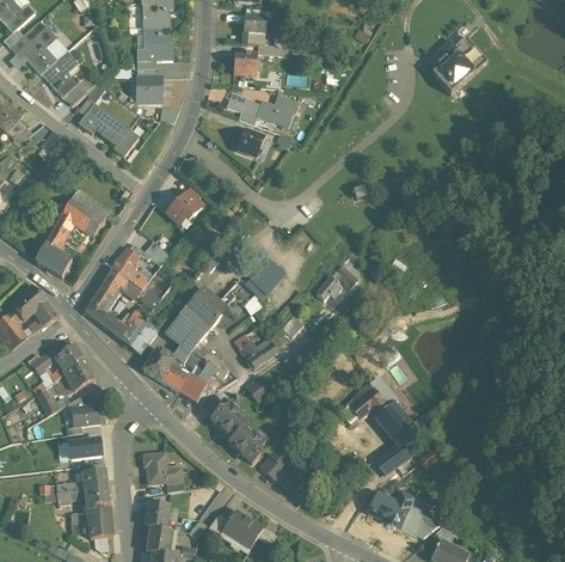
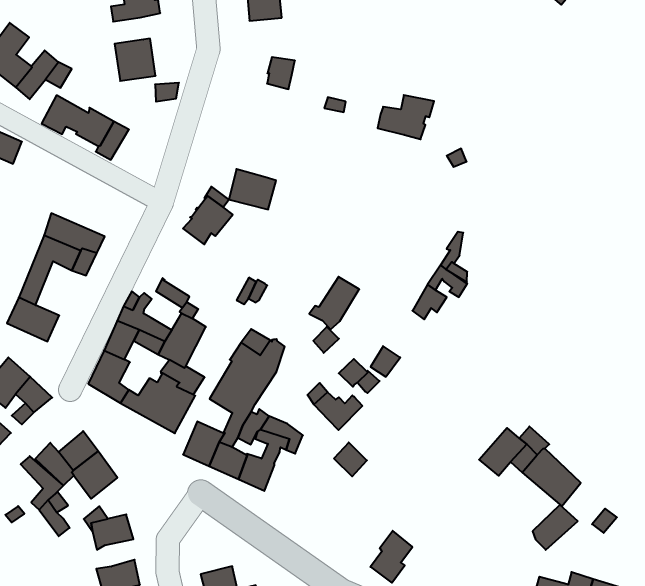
building: [256,96,297,128] -> [378,95,434,139]
building: [235,129,270,160] -> [229,169,276,209]
building: [209,403,263,462] -> none

